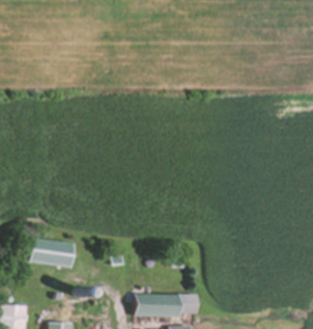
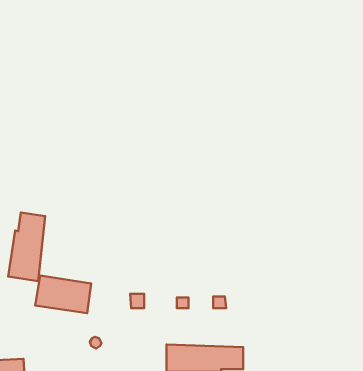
building: none -> [8,213,45,281]

